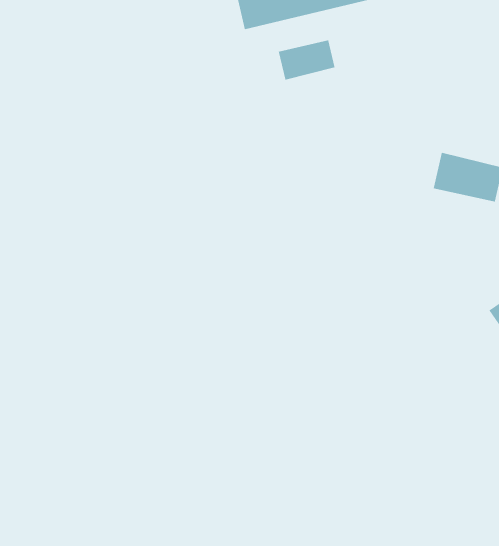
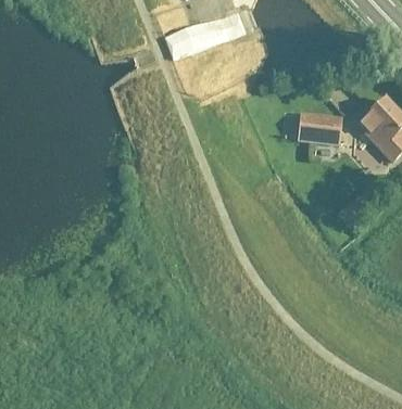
building: [278,40,335,81] -> none

